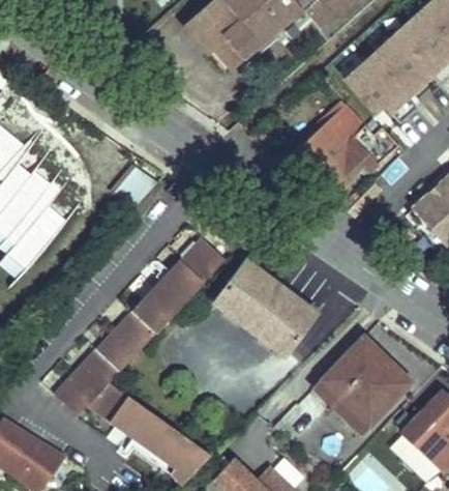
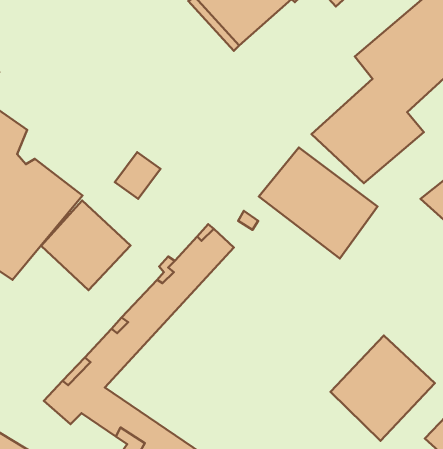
building: none -> [41,200,131,290]
building: [213,259,324,363] -> [259,147,378,259]

